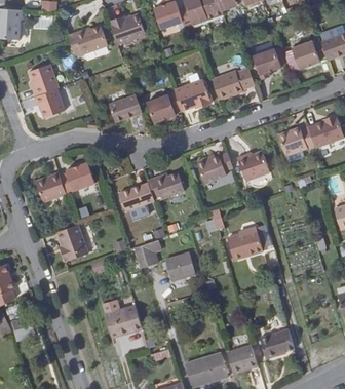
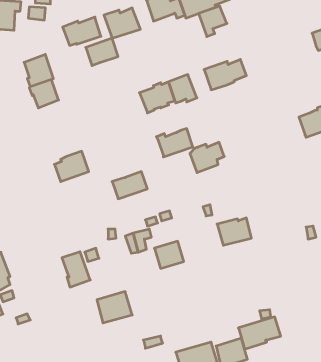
building: [293,40,327,68] -> none
building: [254,48,282,79] -> [199,6,227,37]
building: [110,93,143,121] -> [86,38,118,66]
building: [279,126,315,155] -> none
building: [238,150,270,180] -> none
building: [36,171,67,201] -> none
building: [148,171,185,200] -> [156,129,193,157]
building: [60,224,88,260] -> [62,252,90,287]

